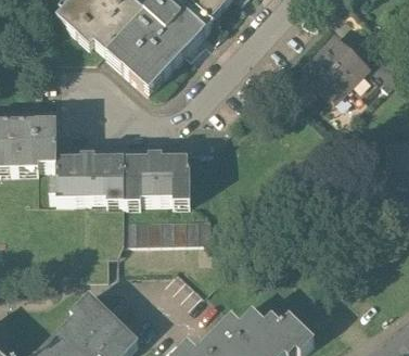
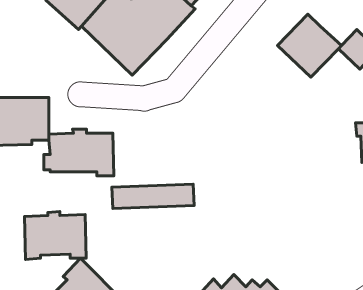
building: [125,152,191,203] -> [24,212,86,259]

